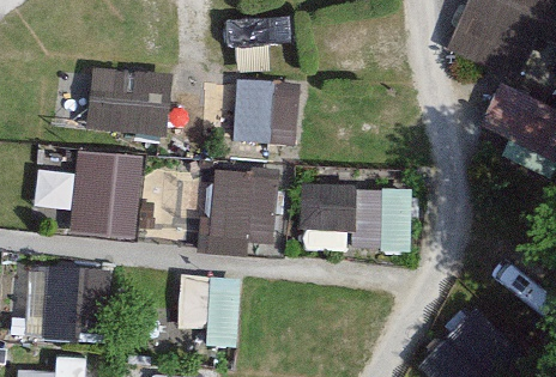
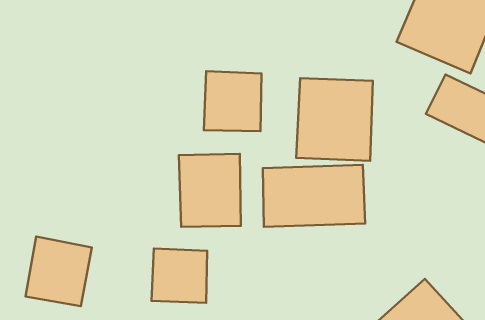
building: [85,66,175,141] -> none
building: none -> [296,78,373,161]
building: [71,151,141,235] -> none

